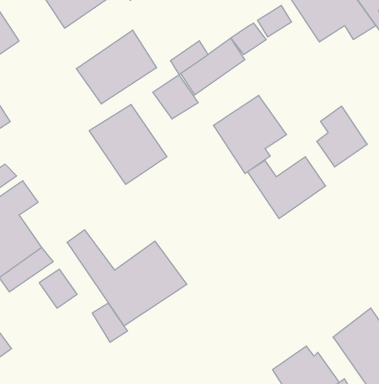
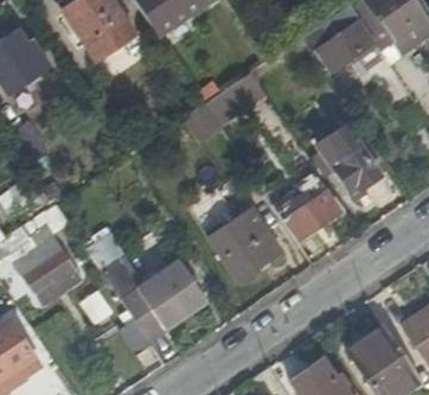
building: [76,30,157,104] -> none
building: [213,95,287,174] -> [210,208,278,281]
building: [89,104,167,184] -> none

